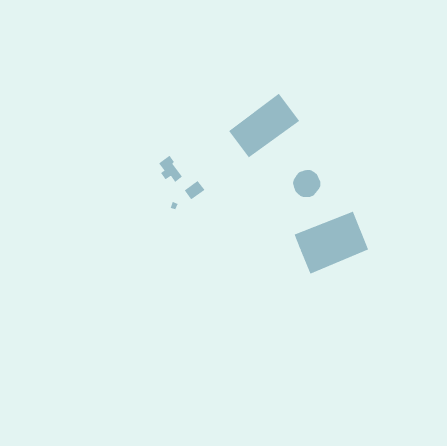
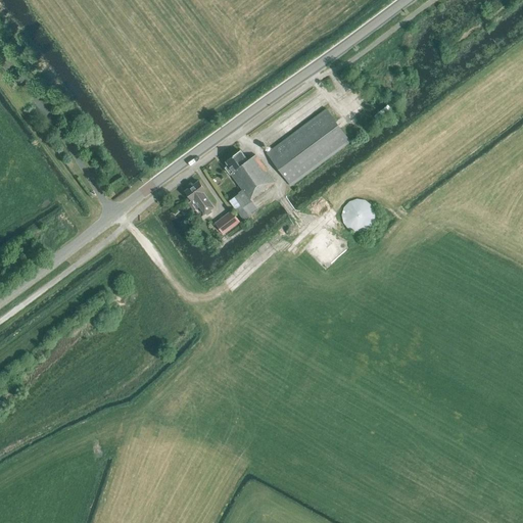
building: none -> [225,150,275,220]
building: [294,211,369,275] -> none

